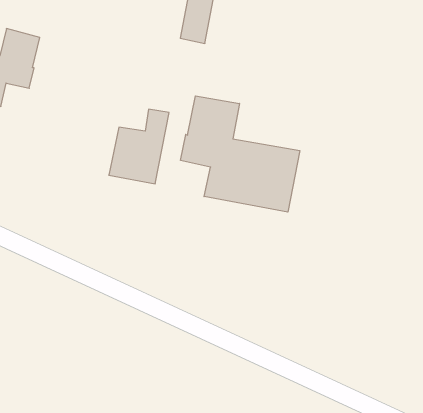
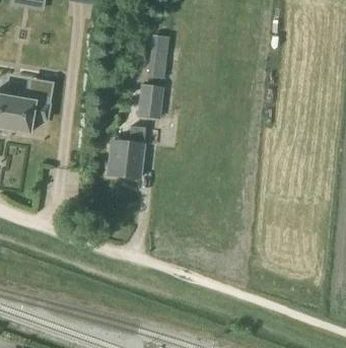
building: none -> [138,86,160,117]
building: [181,96,300,212] -> none

